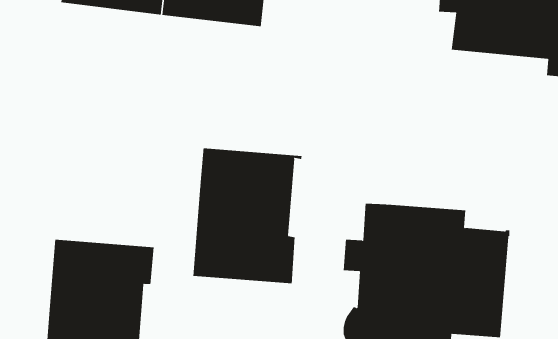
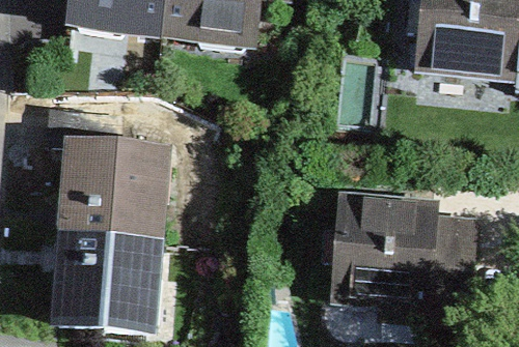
building: none -> [51,108,161,239]
building: [193,148,302,284] -> none

